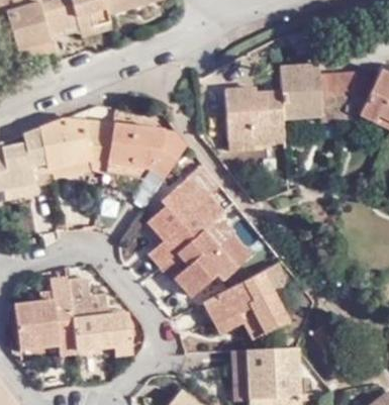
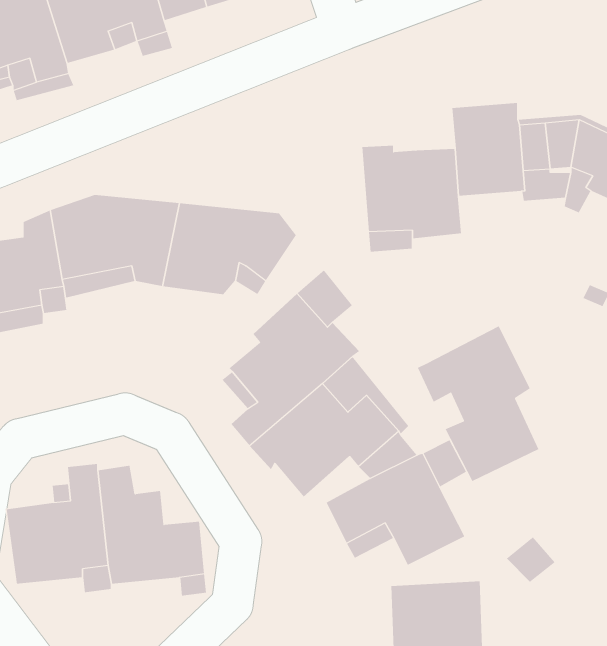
building: none -> [417,326,539,482]

